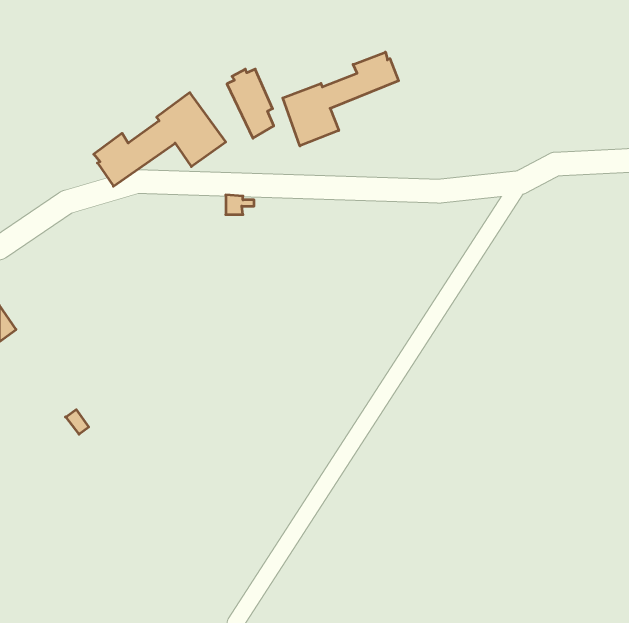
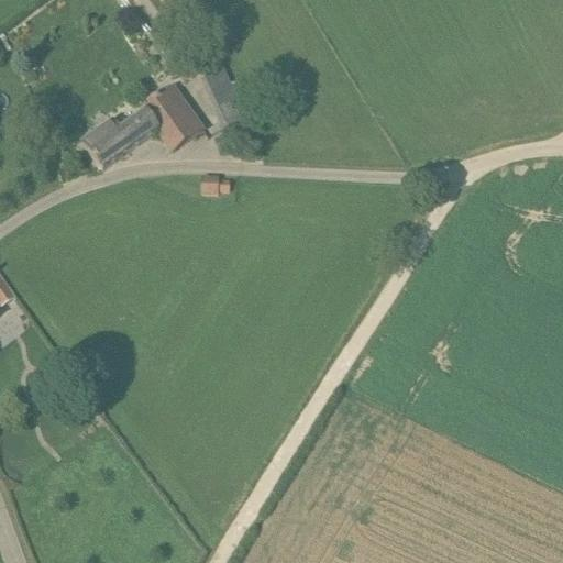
building: [283,52,399,146] -> none

